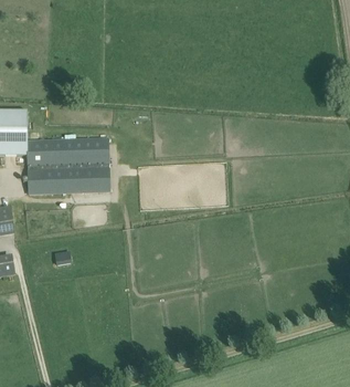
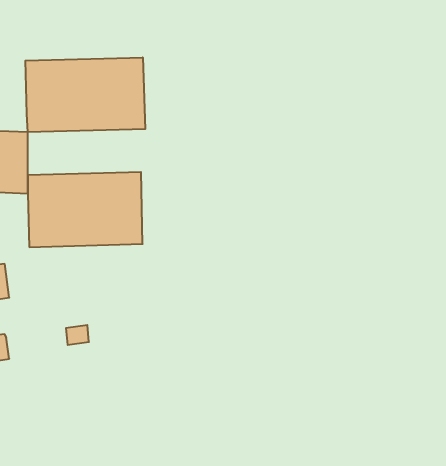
building: none -> [25,57,145,132]

